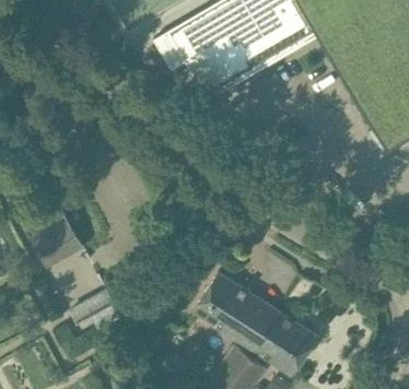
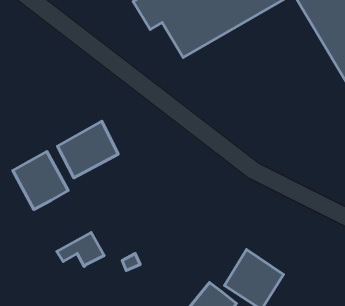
building: none -> [57,121,118,178]
building: [196,273,279,350] -> none

